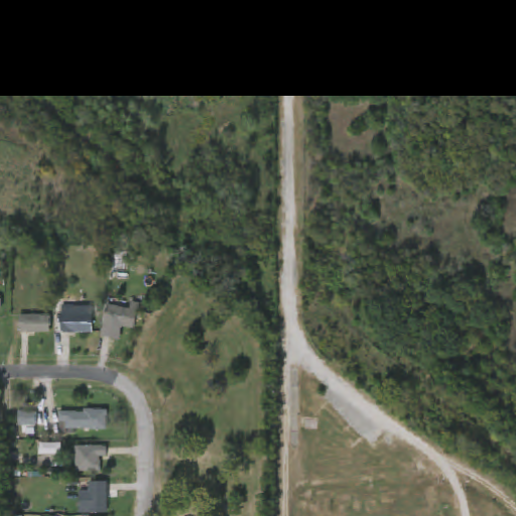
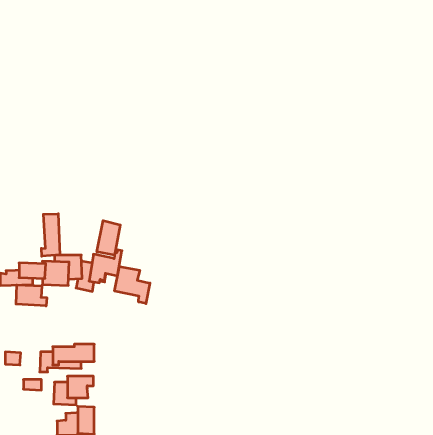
building: none -> [41,214,60,256]
building: none -> [97,221,120,255]
building: none -> [115,266,150,304]
building: none -> [16,285,47,306]

